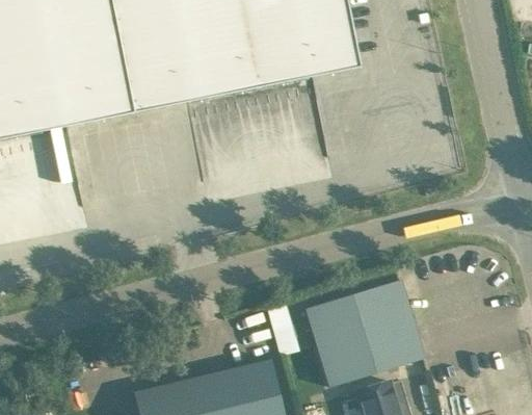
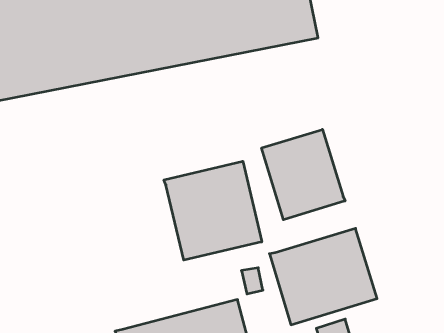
building: none -> [262,129,345,220]
building: none -> [164,161,262,260]

